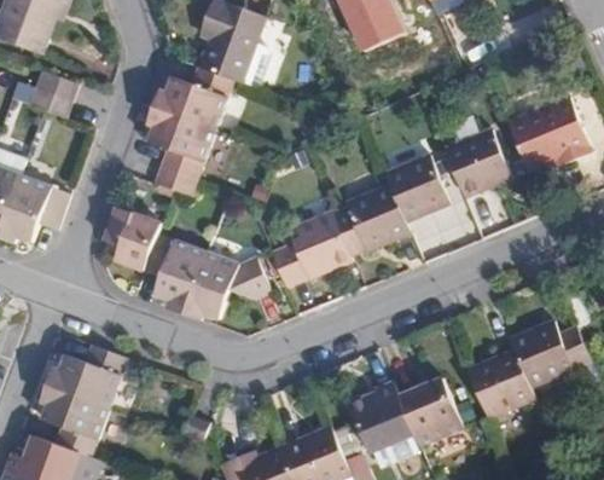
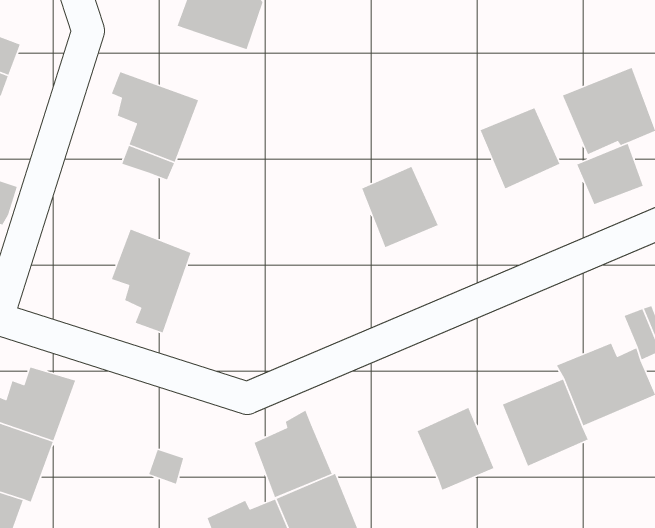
building: [156,65,237,126] -> none
building: [390,156,452,222] -> none
building: none -> [576,143,644,205]
building: [115,207,167,271] -> none
building: [274,207,354,287] -> none
building: [191,249,275,320] -> none
building: [348,381,412,452] -> [253,410,333,498]

